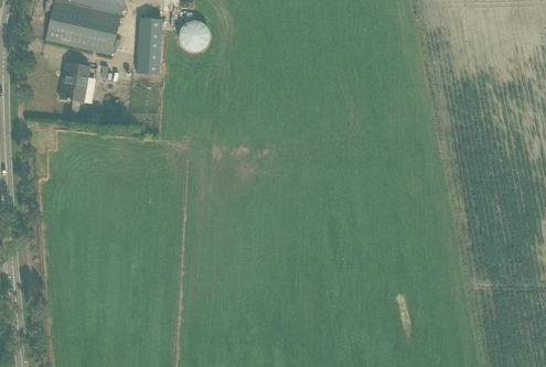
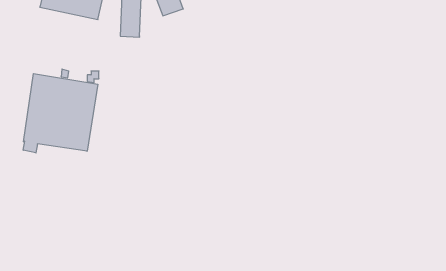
building: [60,62,88,100] -> none
building: none -> [23,74,98,153]

